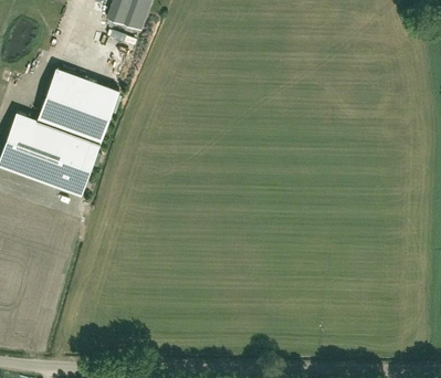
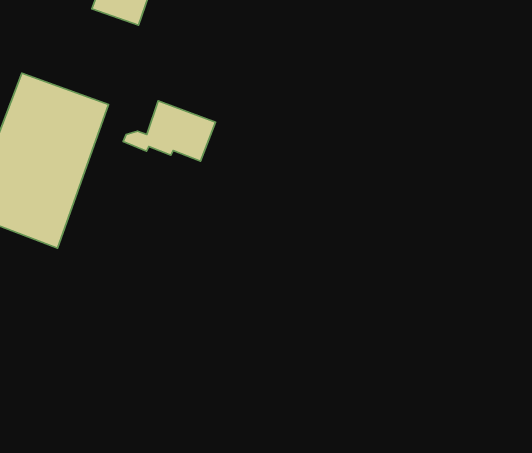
building: none -> [123,101,215,161]

